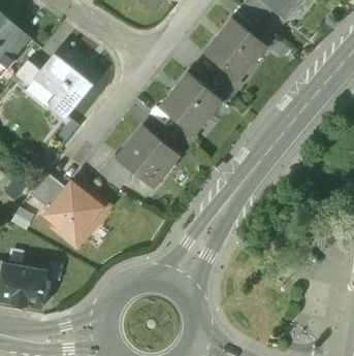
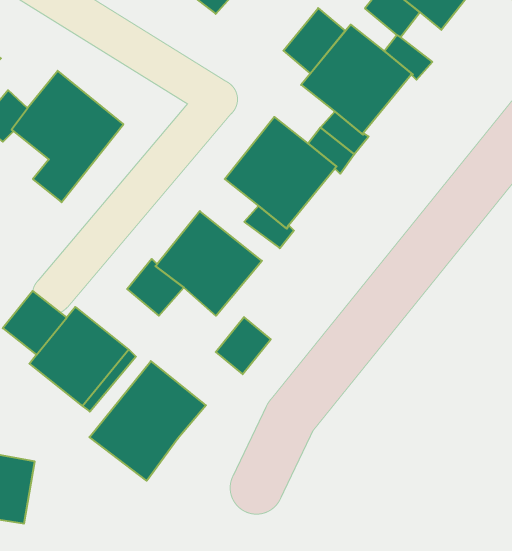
building: none -> [283,8,345,73]
building: none -> [216,317,271,374]
building: none -> [89,361,206,481]

